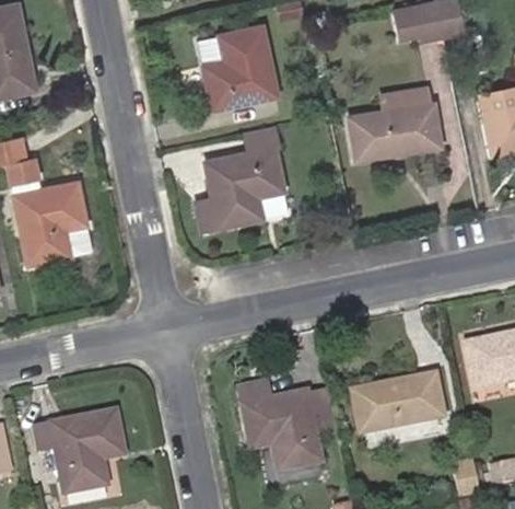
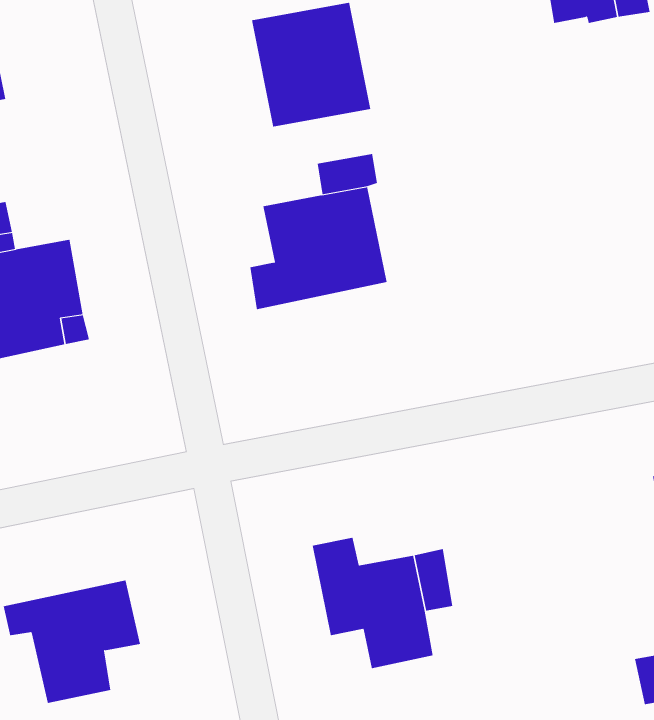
building: [348,86,440,160] -> none
building: [352,372,443,430] -> none

